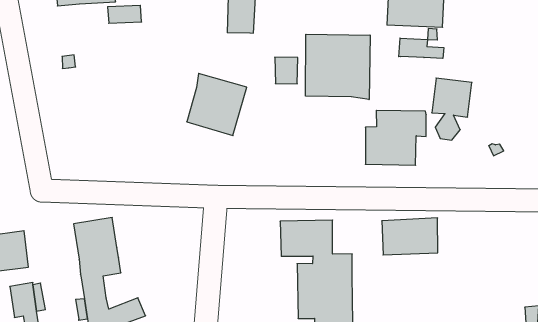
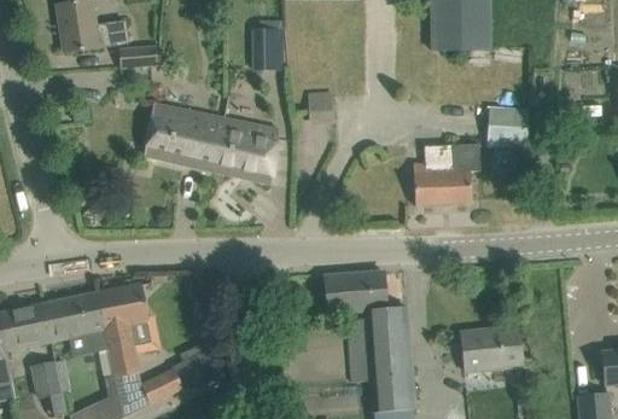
building: [306,34,370,100] -> none
building: [399,38,444,58] -> none
building: none -> [141,101,225,171]
building: [382,218,438,255] -> [460,326,524,371]
building: none -> [42,292,105,343]

